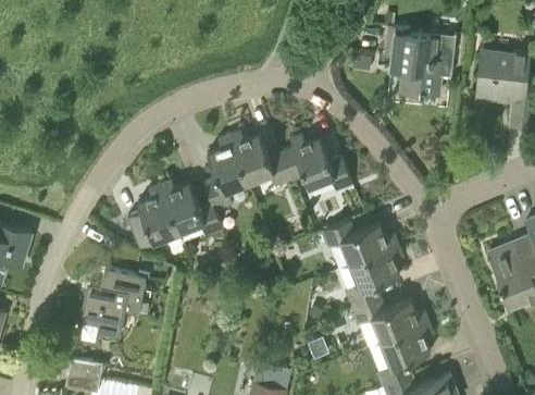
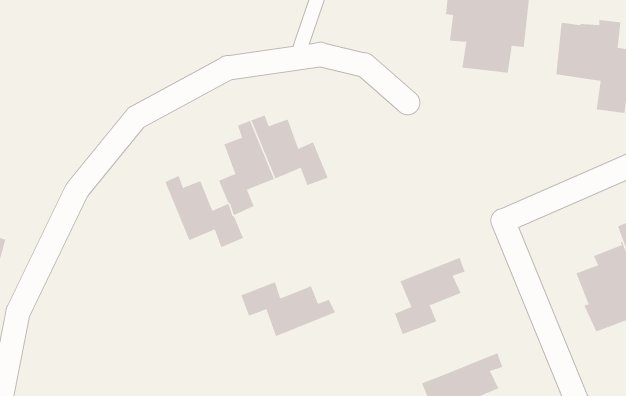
building: [281,133,353,192] -> none
building: [129,184,179,247] -> none
building: [322,220,399,264] -> [240,282,336,337]
building: [83,269,146,336] -> none
building: [352,297,430,342] -> none

